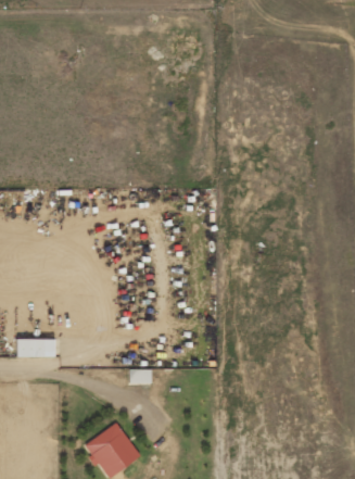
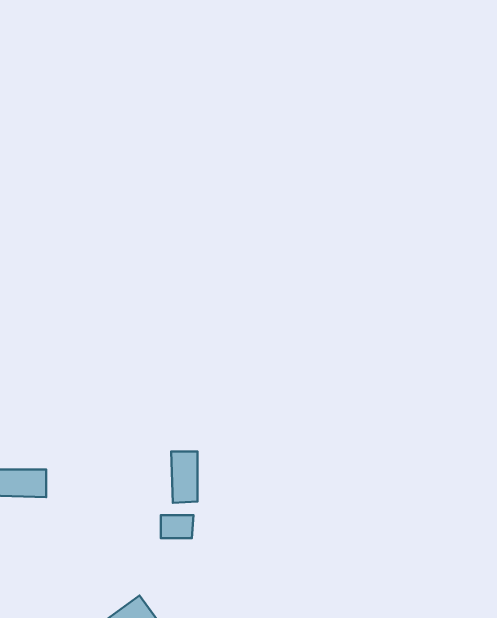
building: none -> [171,452,197,503]

